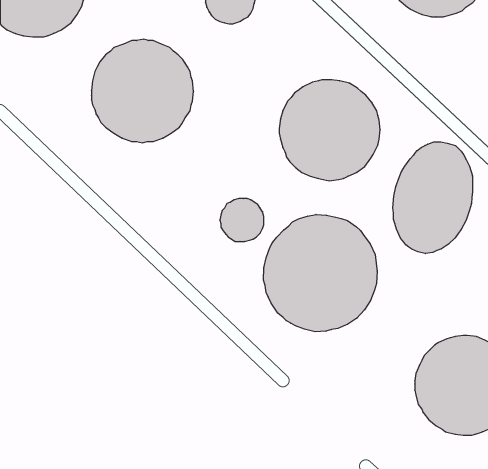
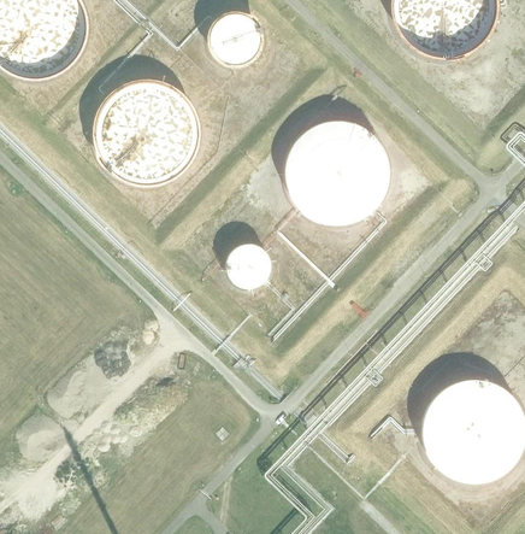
building: [393,142,473,254] -> none
building: [263,214,377,332] -> none

